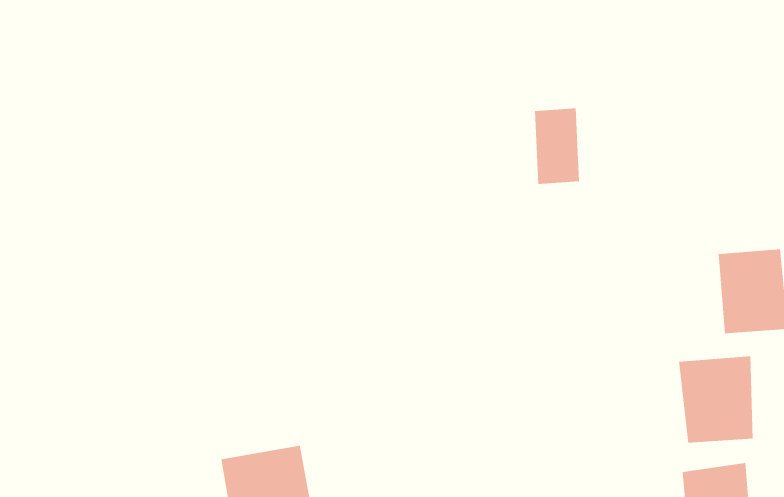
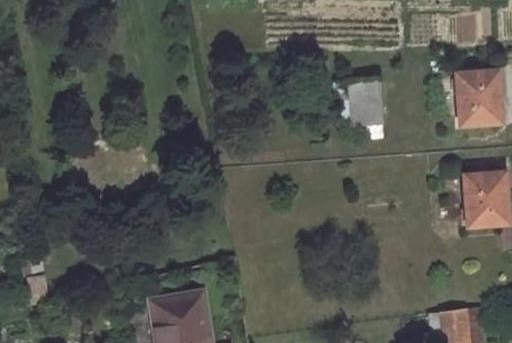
building: none -> [458,68,503,124]
building: [679,356,753,443] -> none

